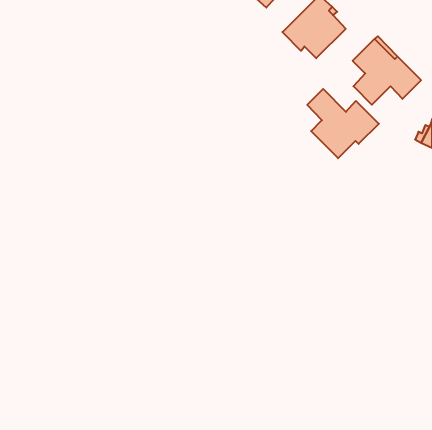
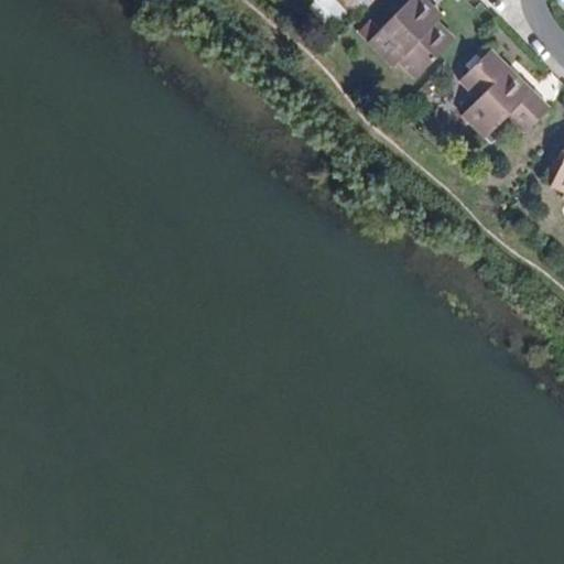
building: [307,89,379,158] -> none

